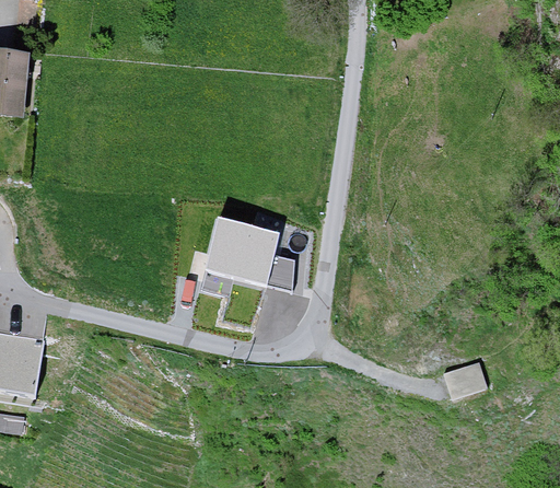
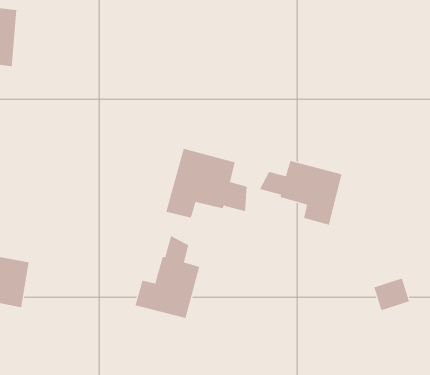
building: none -> [259,160,342,226]
building: none -> [135,235,200,319]

